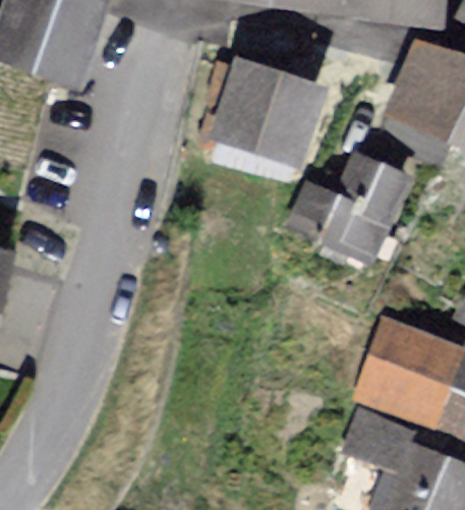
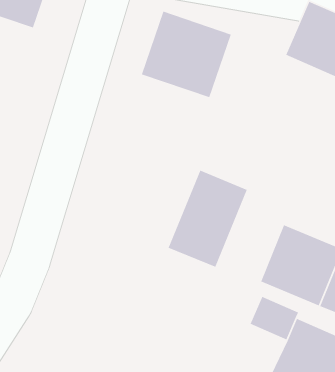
building: [286,151,411,261] -> none
building: none -> [168,170,248,268]

